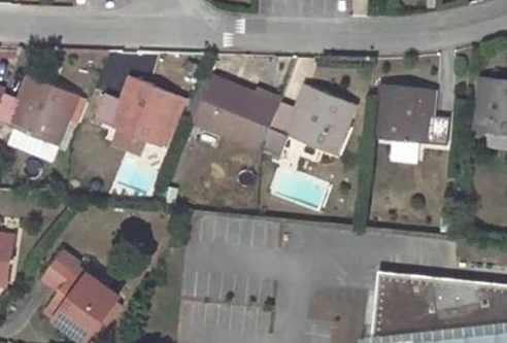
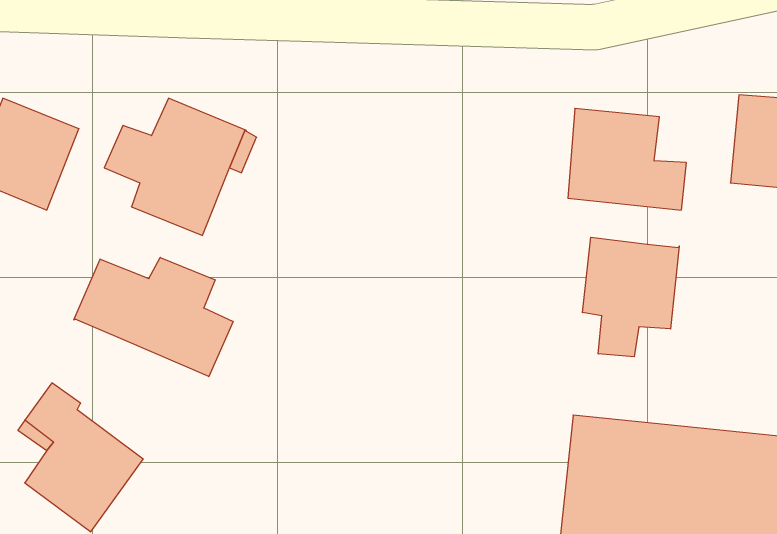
building: [193,80,356,155] -> none
building: none -> [582,237,679,357]
building: none -> [74,257,233,377]

